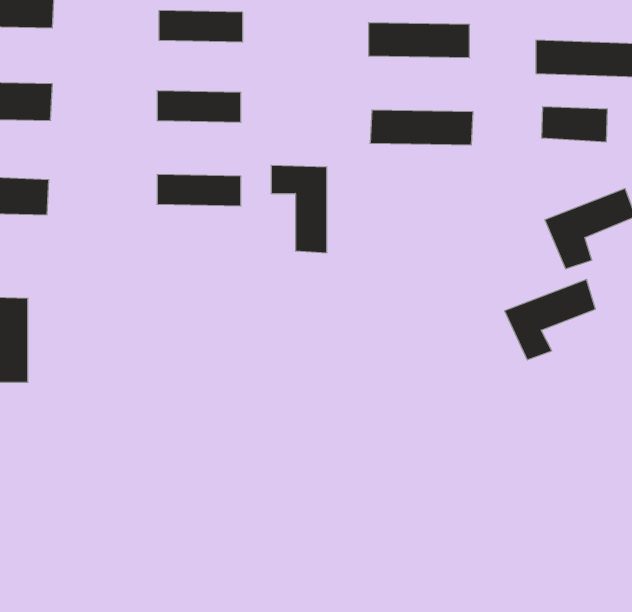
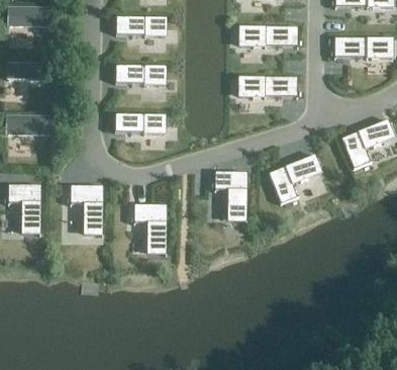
building: [542,107,607,142] -> none
building: [271,165,327,253] -> [214,171,246,221]
building: [505,279,595,360] -> [268,155,320,201]
building: none -> [68,185,101,236]
building: none -> [132,203,165,254]

